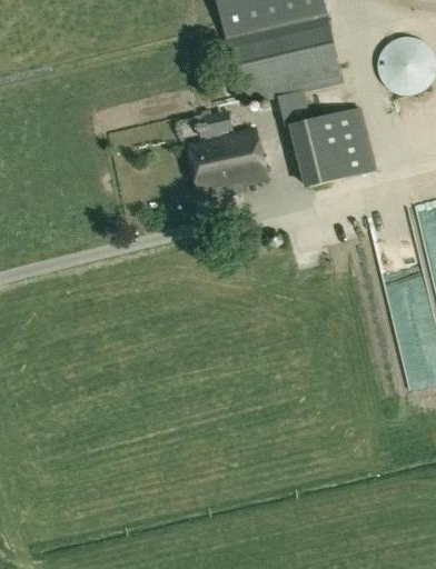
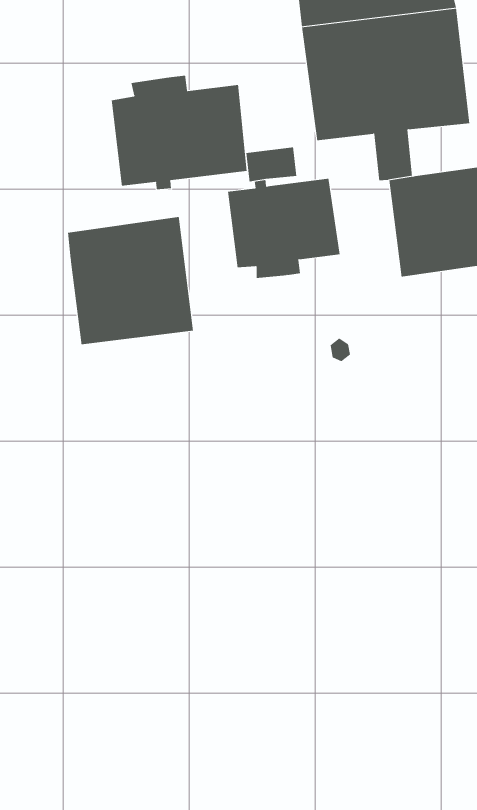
building: none -> [111,75,247,190]
building: none -> [67,216,194,345]

